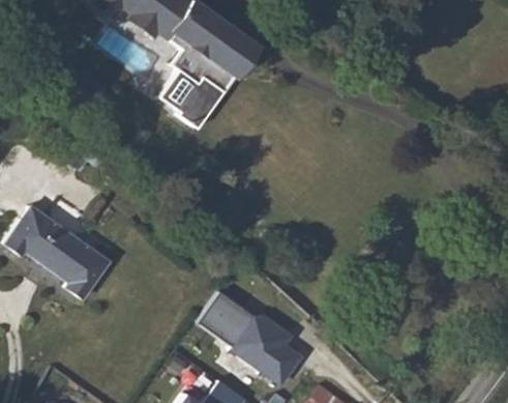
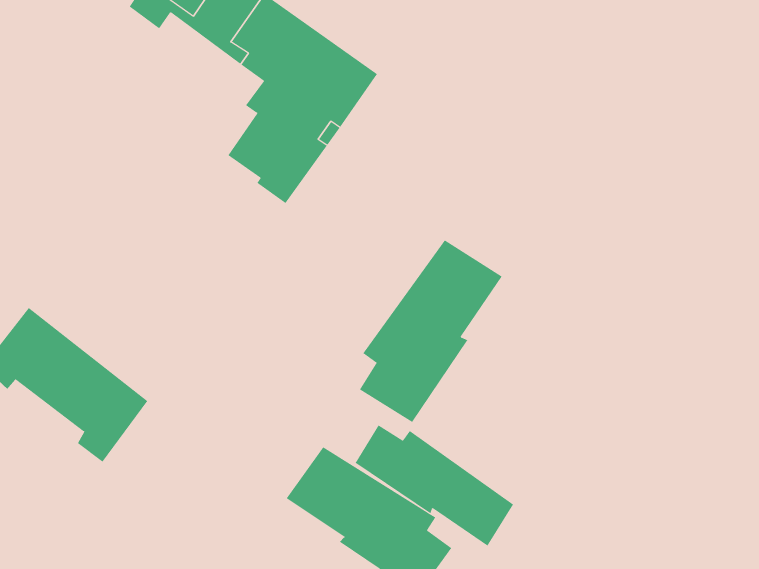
building: none -> [359,239,503,423]
building: none -> [355,425,514,547]

